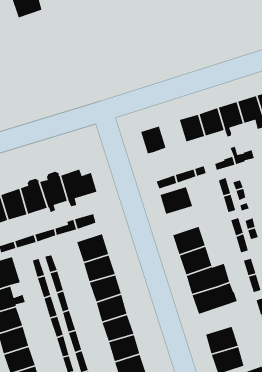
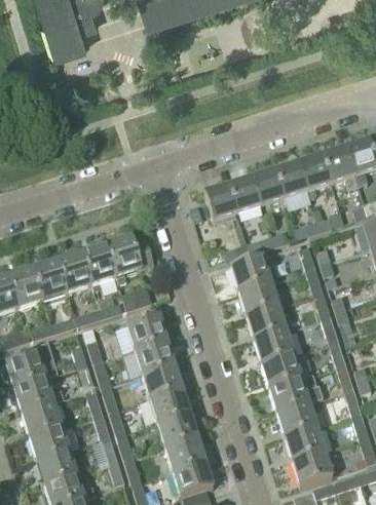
building: none -> [229,177,261,211]
building: none -> [236,282,277,317]
building: none -> [276,403,317,438]

